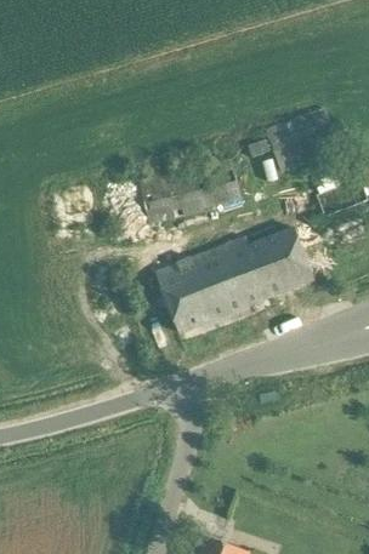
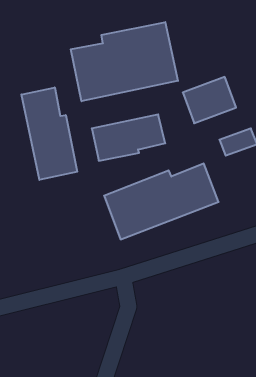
building: none -> [71,22,178,101]
building: none -> [21,87,77,180]

